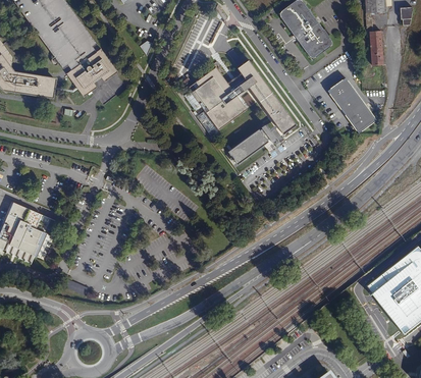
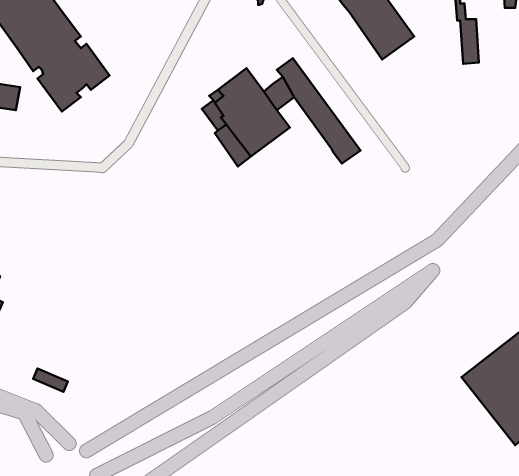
building: [327,79,375,132] -> none
building: [227,124,275,164] -> none

